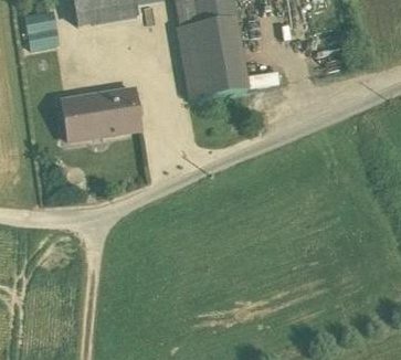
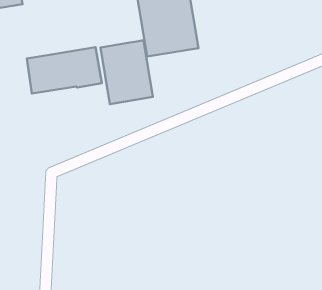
building: none -> [101,40,153,104]

